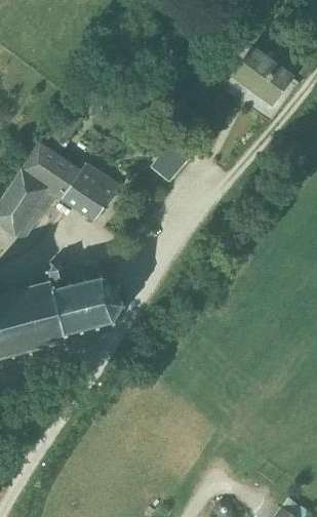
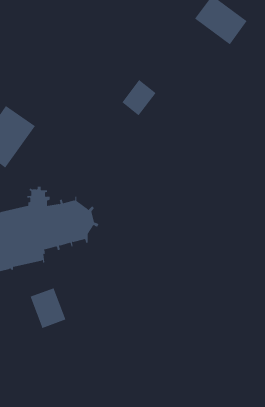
building: [21,106,118,221] -> none
building: none -> [30,287,66,329]

